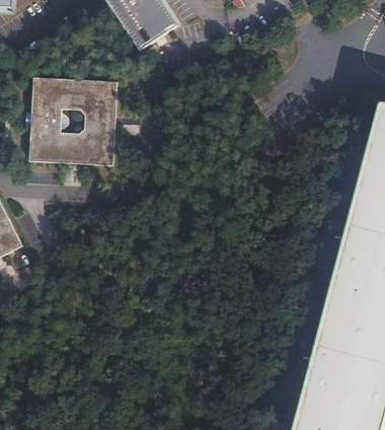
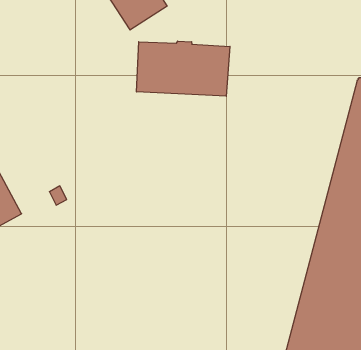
building: none -> [137,41,230,96]
building: [30,77,117,164] -> none

